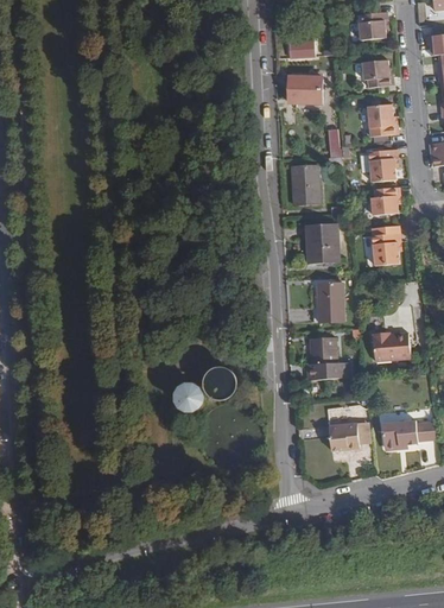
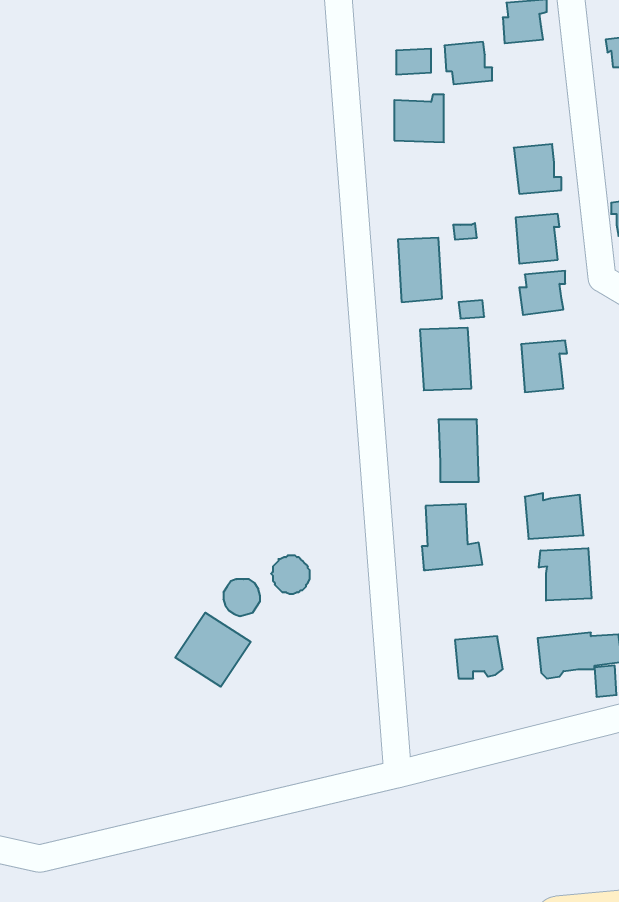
building: [362,61,393,88] -> [444,42,492,84]
building: none -> [539,548,592,601]
building: none -> [175,613,251,687]

